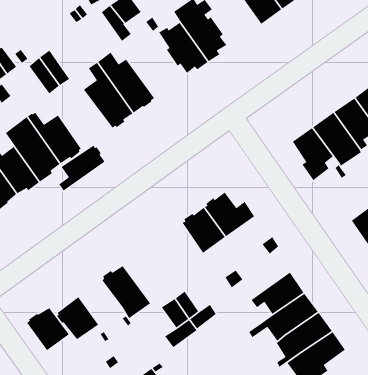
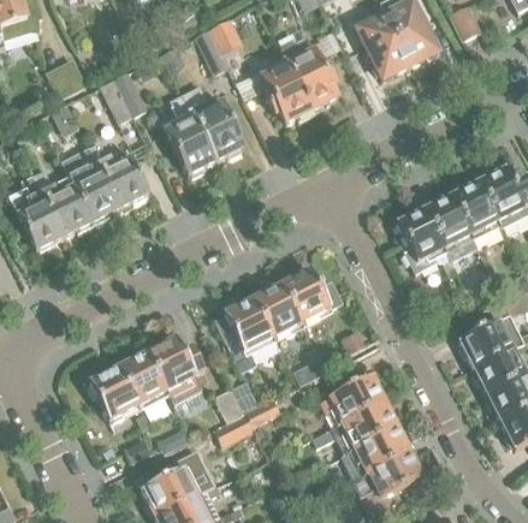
building: [58,144,106,192] -> none
building: none -> [215,299,275,373]
building: [26,307,70,351] -> [118,353,167,405]

